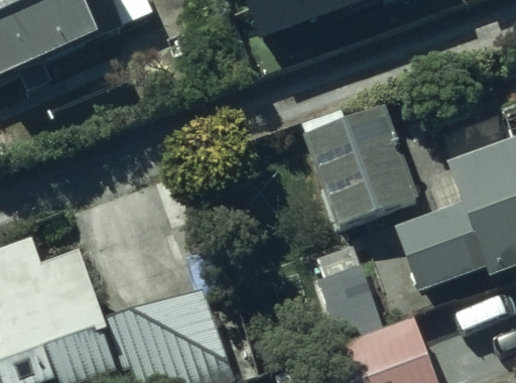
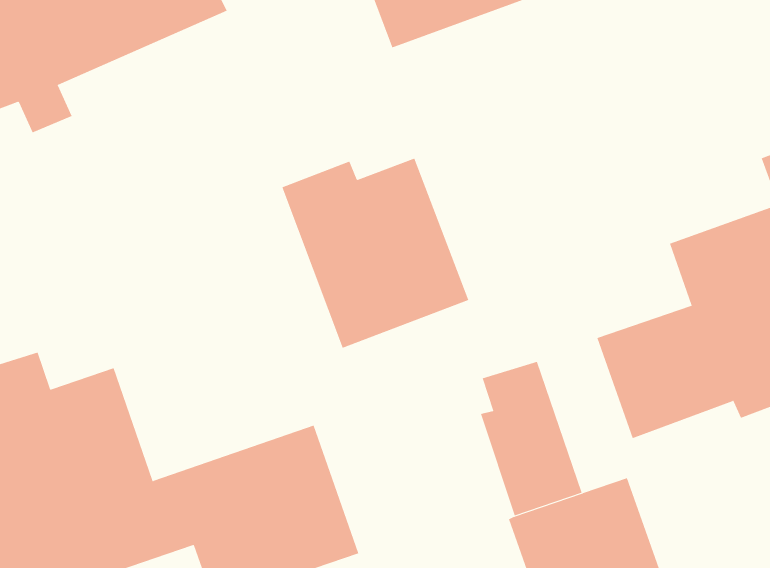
building: [295,104,417,228] -> [282,158,469,348]

